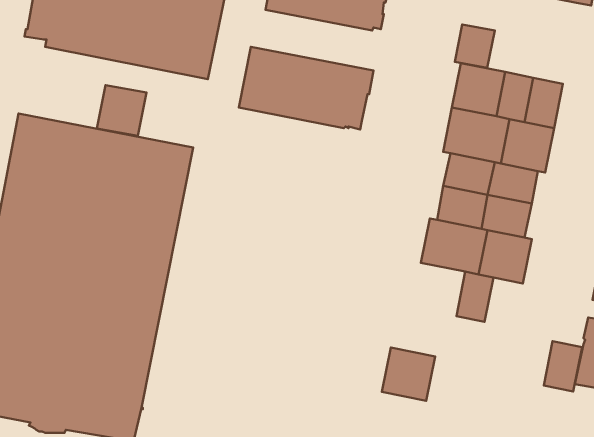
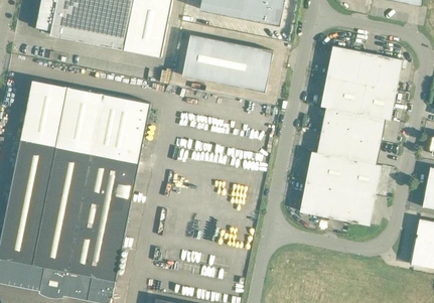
building: [455,25,495,68] -> none
building: [97,85,147,136] -> none
building: [544,341,582,391] -> [348,191,375,225]
building: [382,347,435,401] -> [299,181,335,217]

